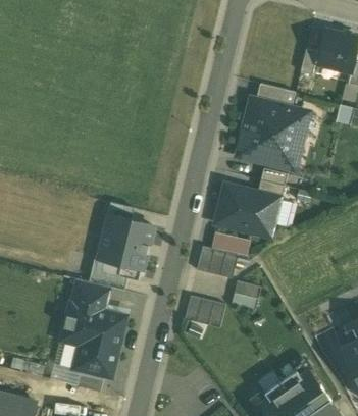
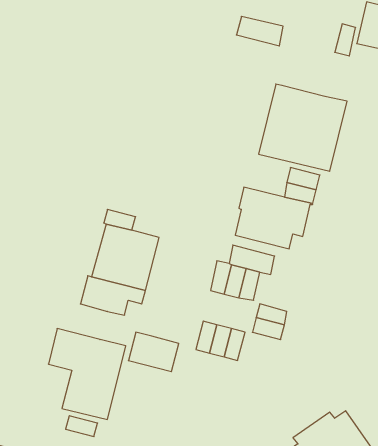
building: [256,85,295,109] -> [236,16,283,46]
building: [69,278,111,311] -> [128,332,179,372]

